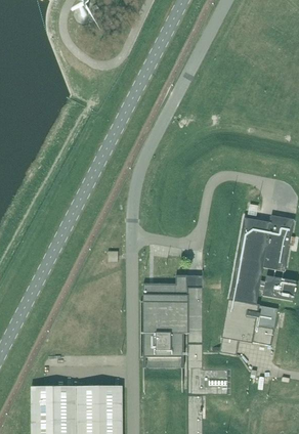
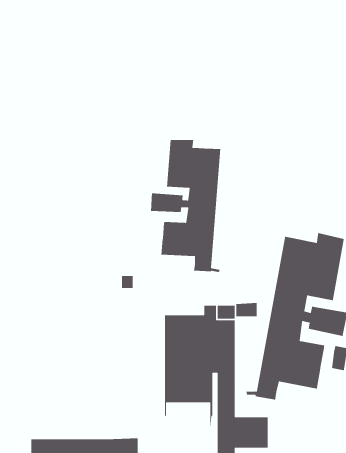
building: none -> [150,139,221,273]

